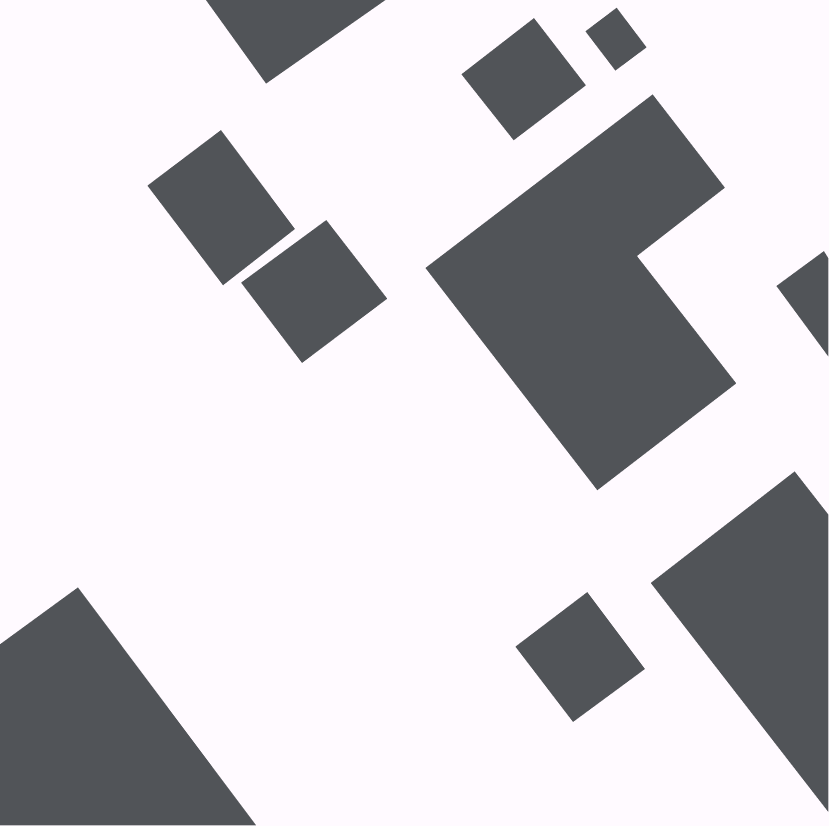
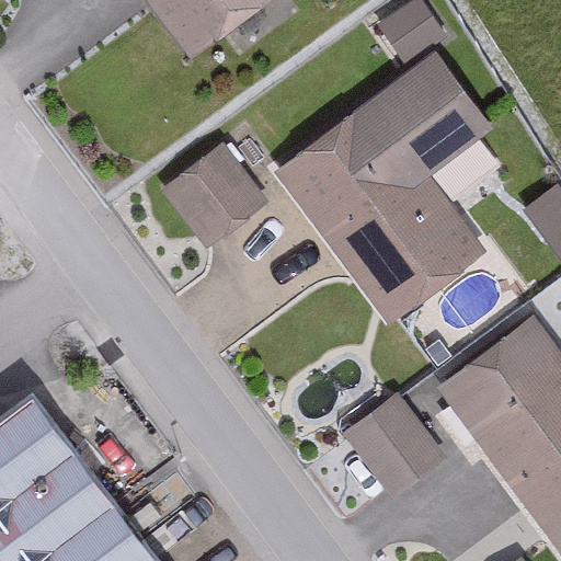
building: [460,17,587,141] -> none
building: [146,129,296,286] -> none

